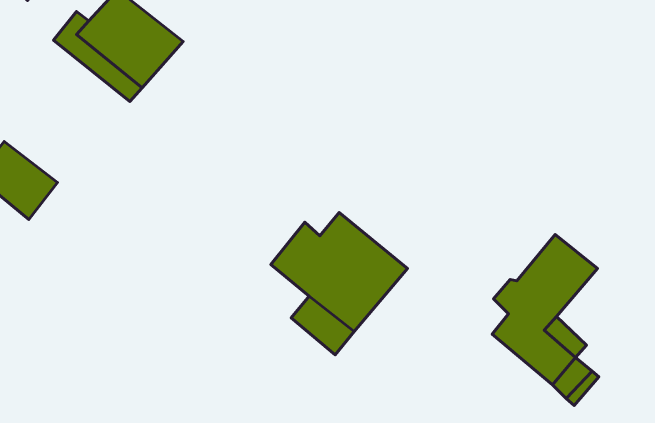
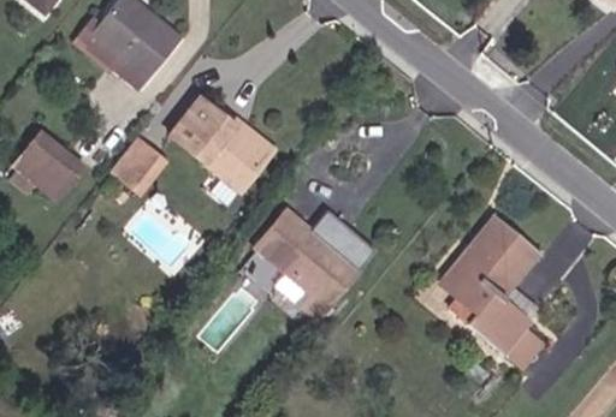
building: none -> [171,99,266,189]
building: none -> [108,141,165,195]

